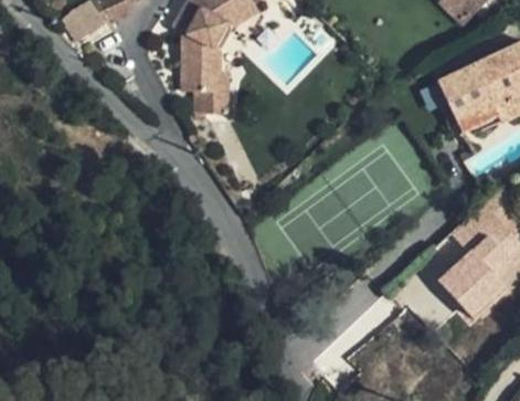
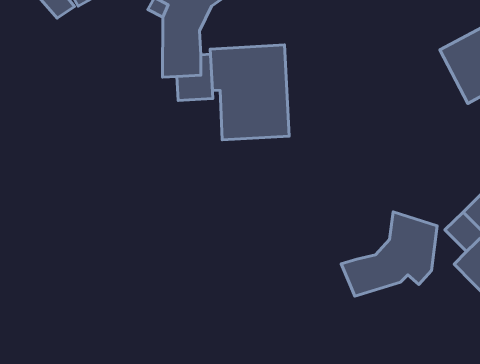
building: none -> [210,45,289,140]
building: none -> [341,212,437,296]

